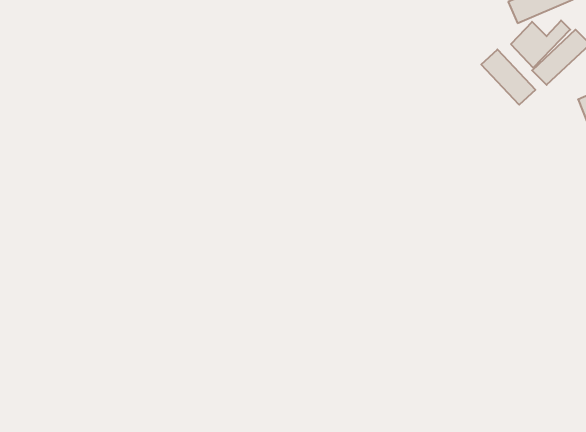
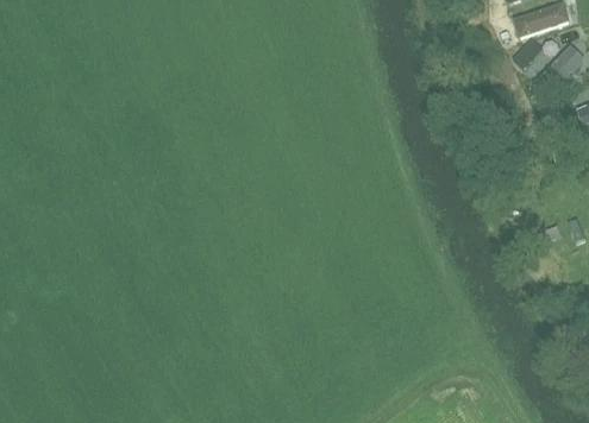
building: [481,49,535,105] -> none

